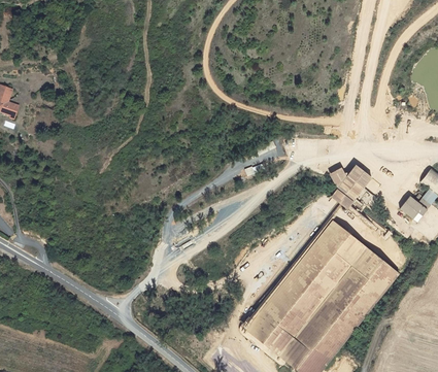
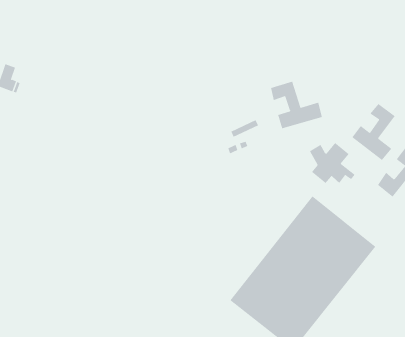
building: none -> [271,81,322,129]
building: none -> [351,103,395,161]

